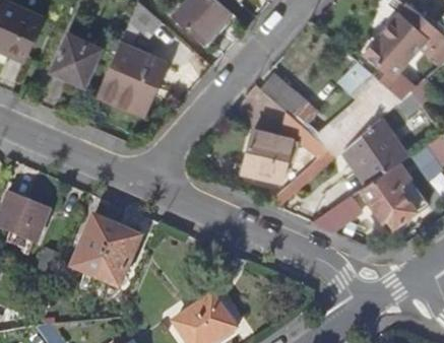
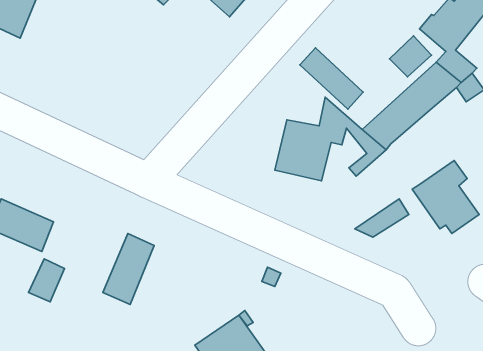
building: [52,35,101,85] -> none
building: [98,44,166,111] -> none
building: [341,121,402,186] -> none
building: [73,218,118,277] -> none

